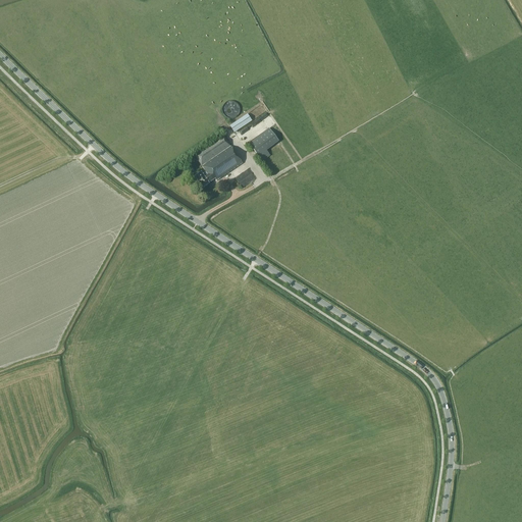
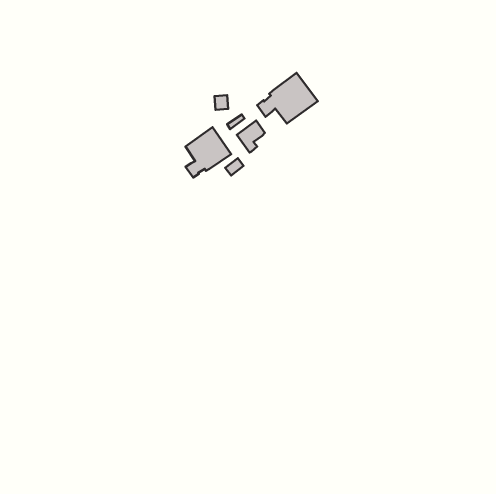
building: none -> [257,73,318,123]

